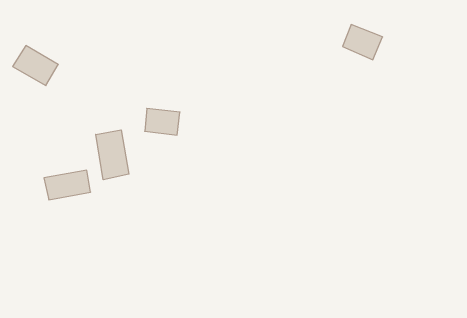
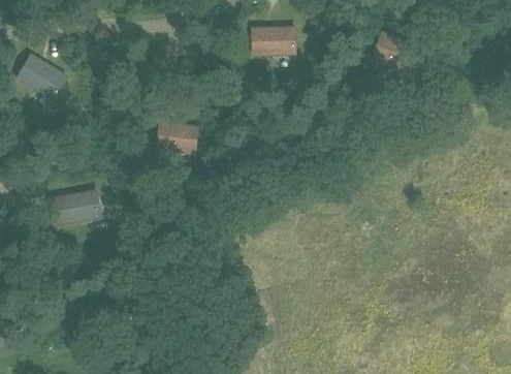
building: none -> [253,27,294,54]
building: [96,130,129,180] -> none

